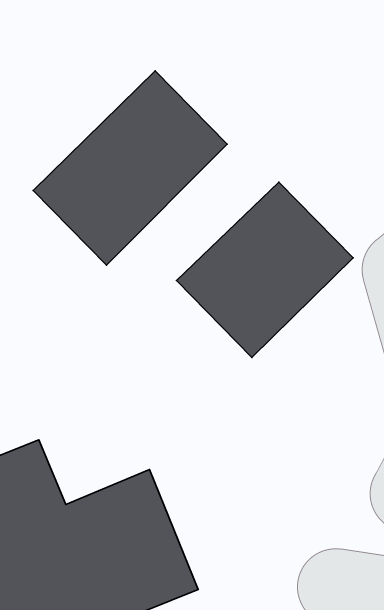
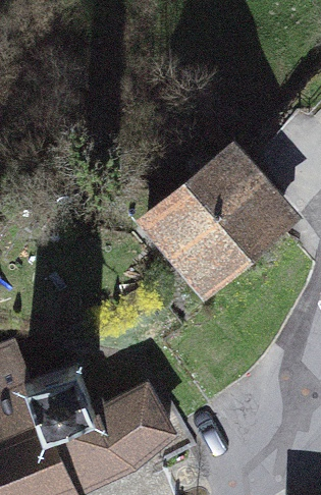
building: [33,71,227,265] -> none

